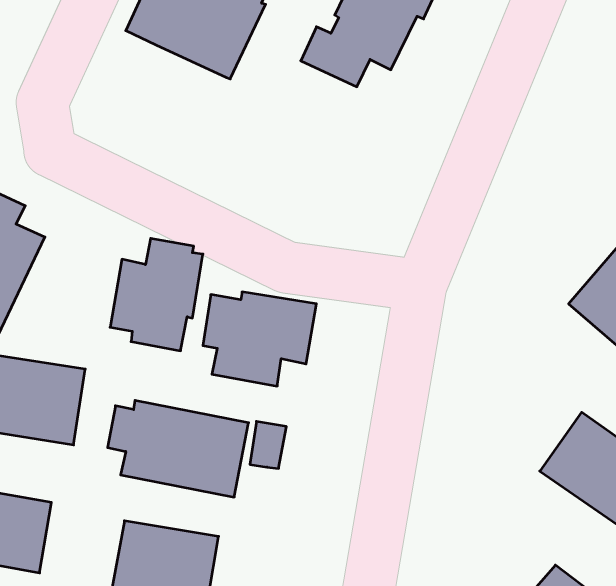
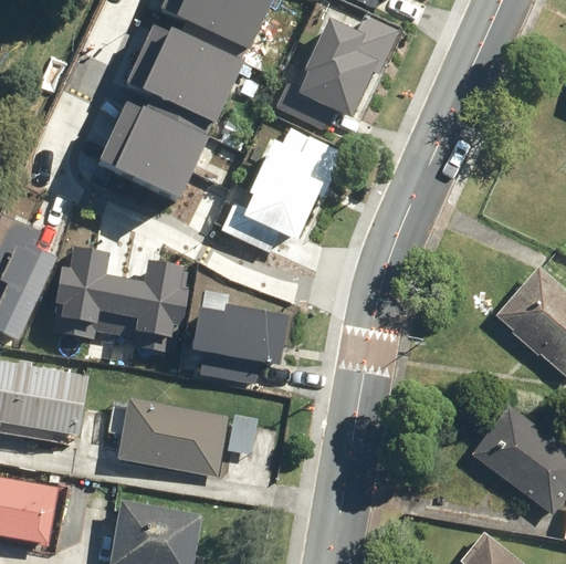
building: none -> [95,96,210,199]
building: none -> [218,128,343,255]
building: none -> [50,248,122,341]

